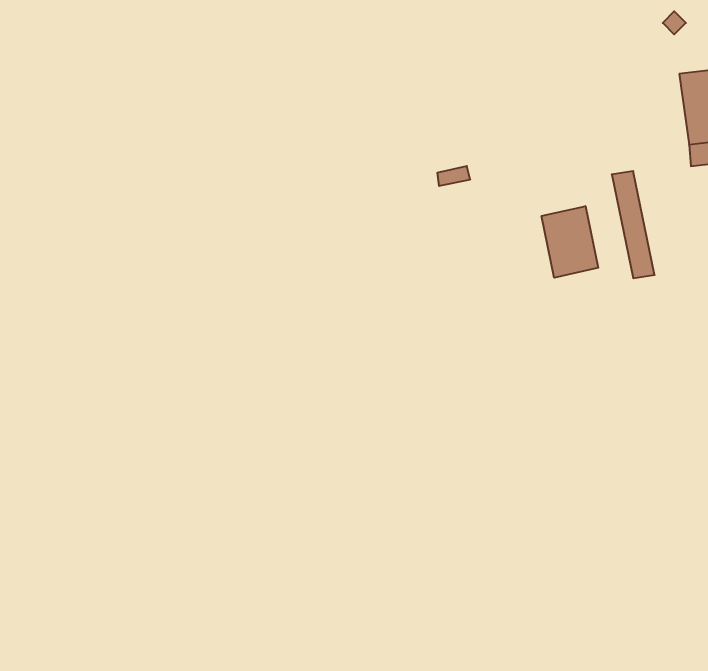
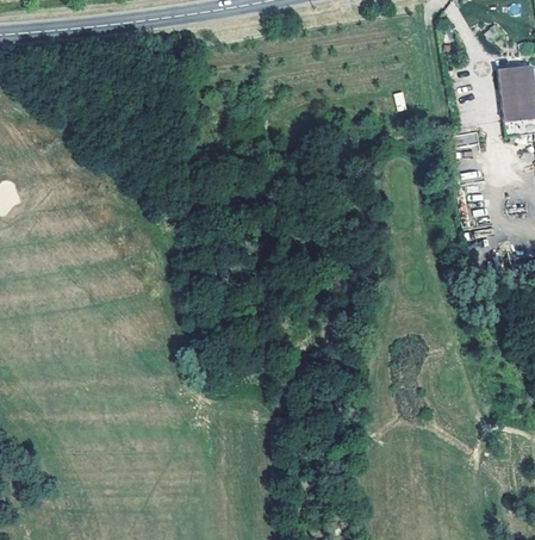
building: [542,206,598,278] -> none

